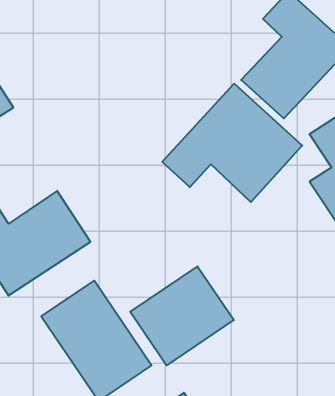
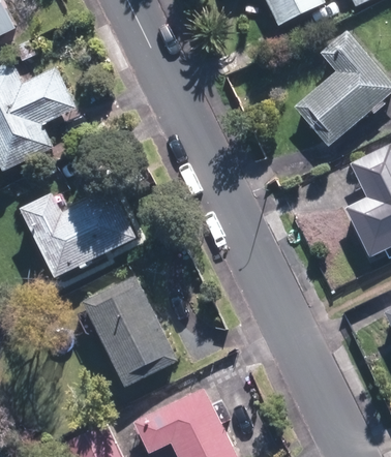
building: [162,84,302,202] -> none
building: [130,266,234,365] -> none

